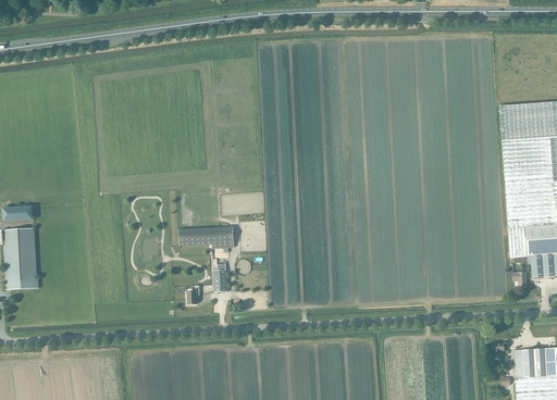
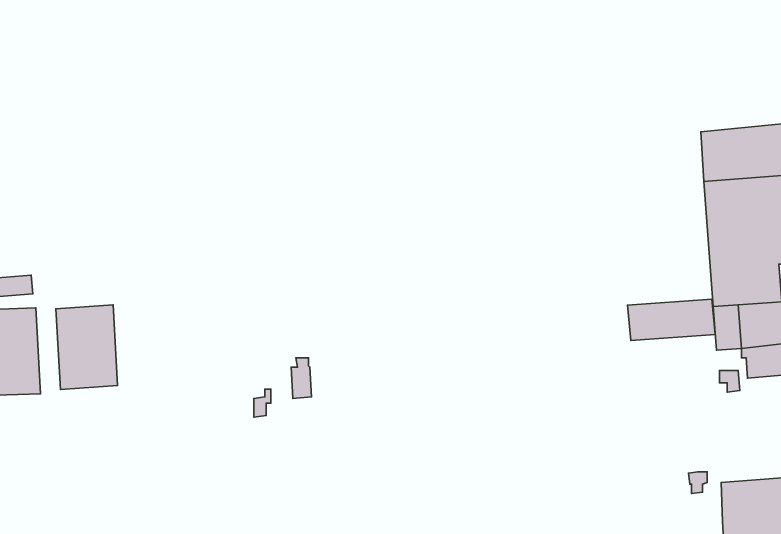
building: none -> [627,299,715,341]
building: [178,226,234,248] -> none
building: none -> [56,305,118,390]

